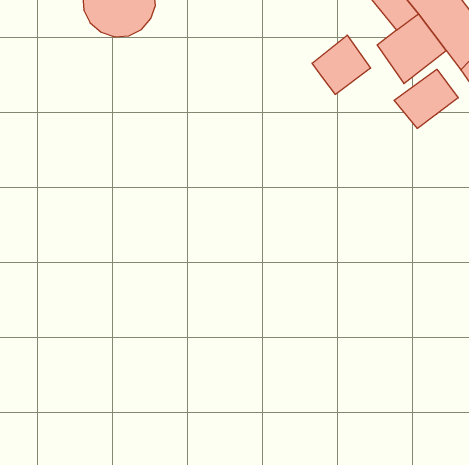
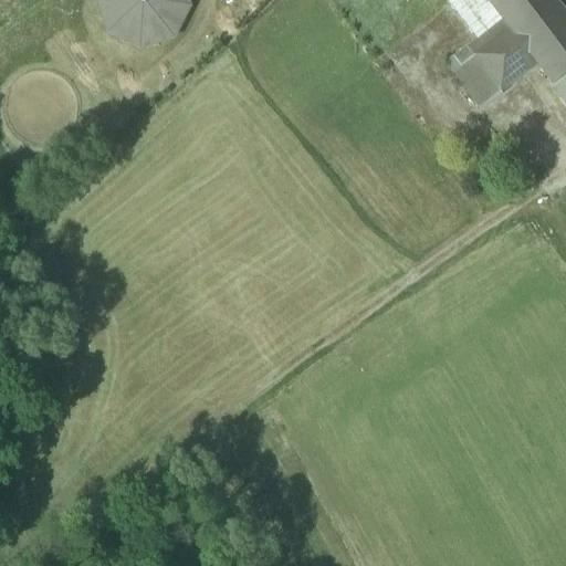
building: [312,35,371,94] -> none
building: [394,69,458,128] -> none

